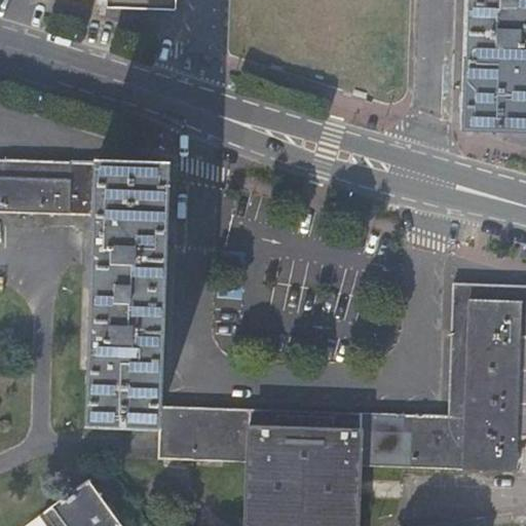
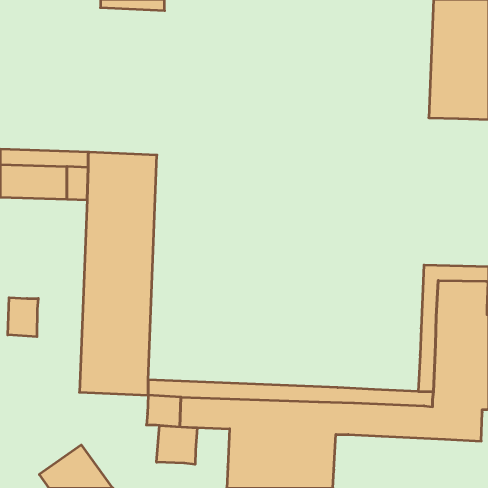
building: none -> [8,298,38,337]
building: none -> [157,426,197,464]

